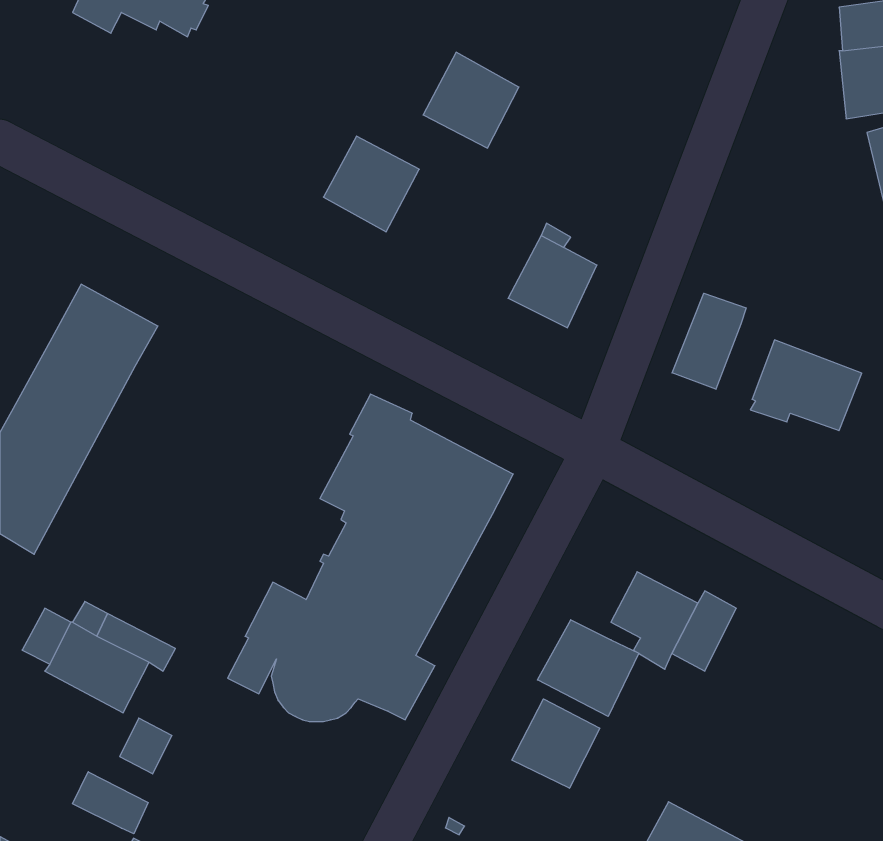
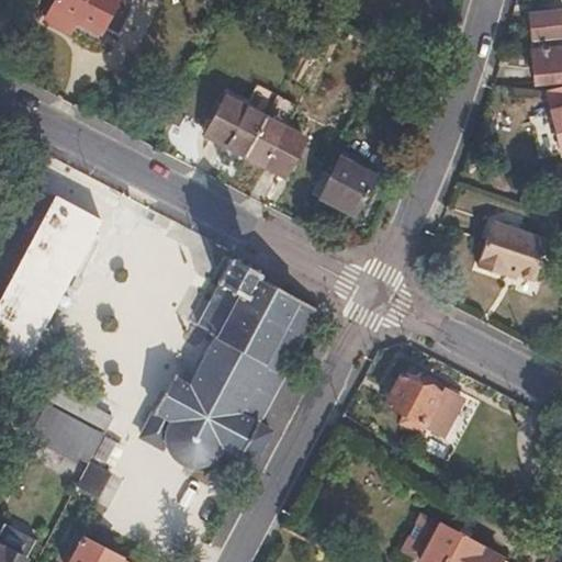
building: [423,52,519,148] -> [244,116,304,177]
building: [672,293,746,389] -> none
building: [537,620,639,716] -> none
building: [512,699,600,788] -> none
building: [73,772,148,834] -> none

